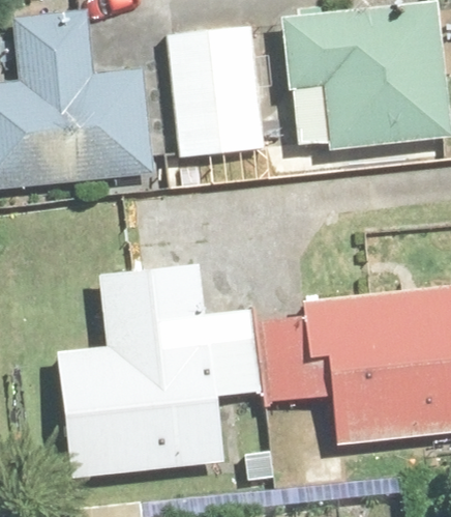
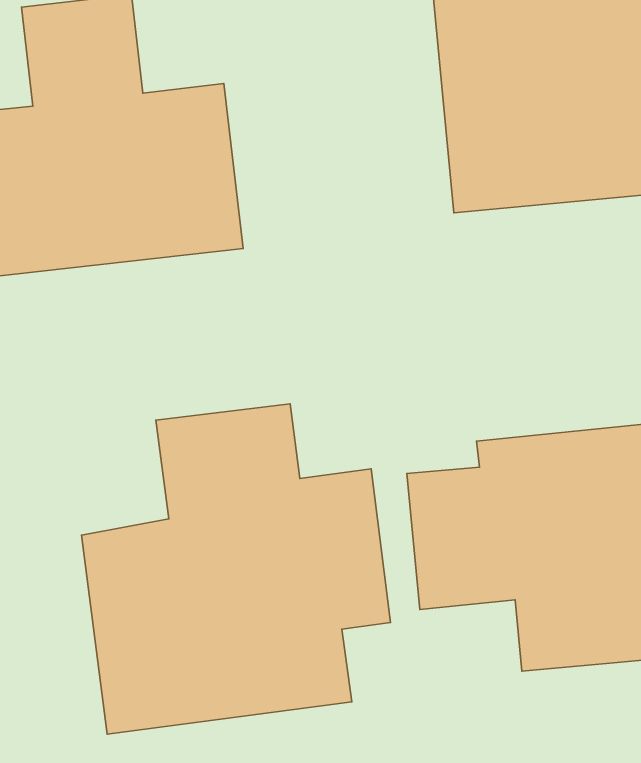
building: [168,18,265,159] -> none

